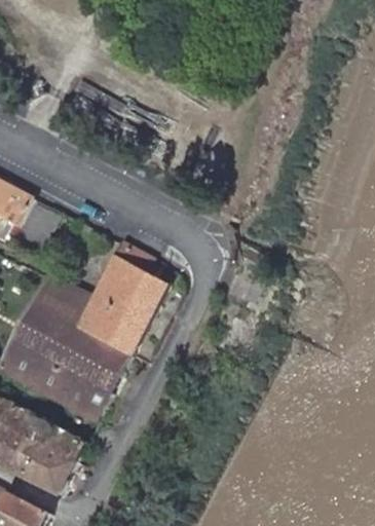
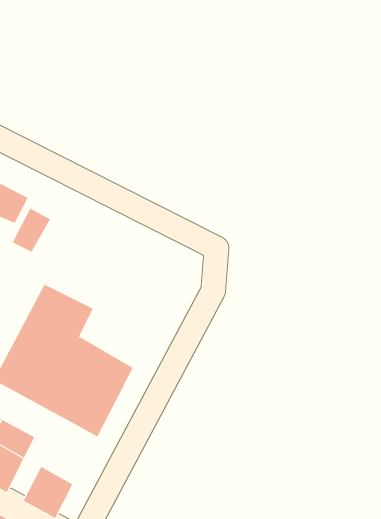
building: [79,243,166,356] -> none
building: [12,420,83,479] -> none

